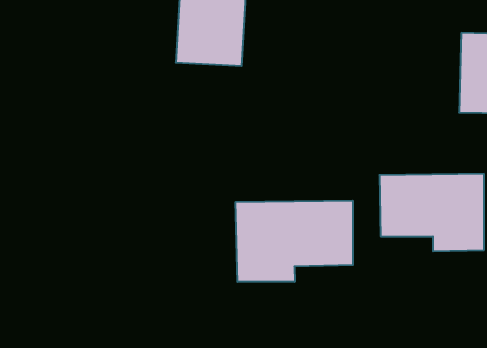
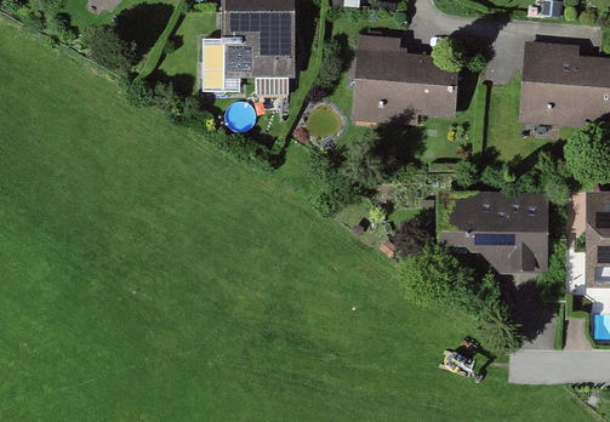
building: none -> [354,35,460,122]
building: [236,201,353,282] -> none

